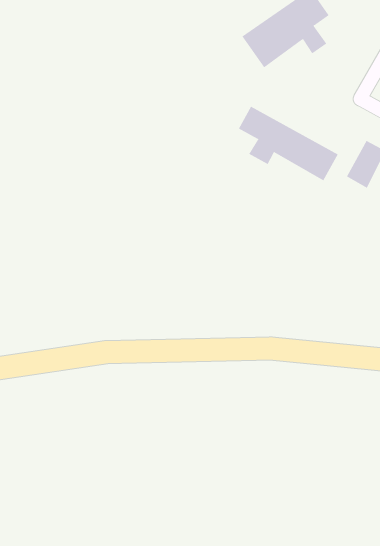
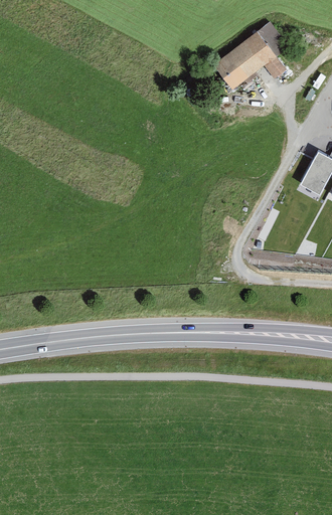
building: [238,106,339,181] -> none

